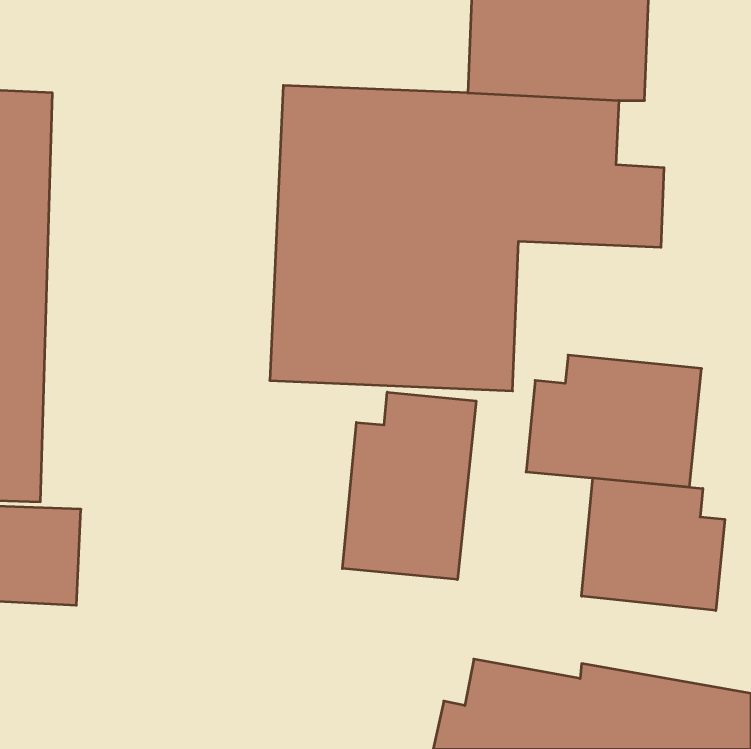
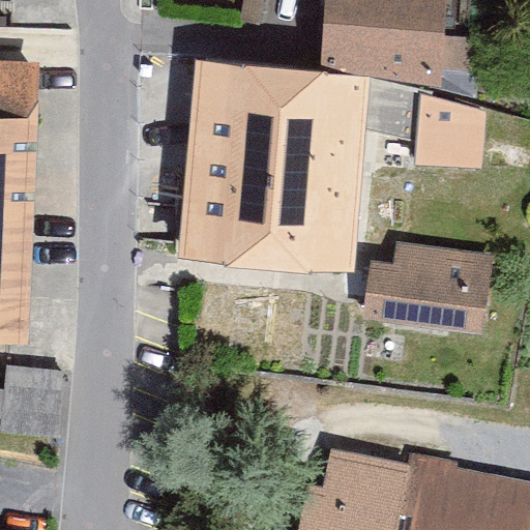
building: [342,392,476,580] -> none
building: [582,478,725,611] -> none

